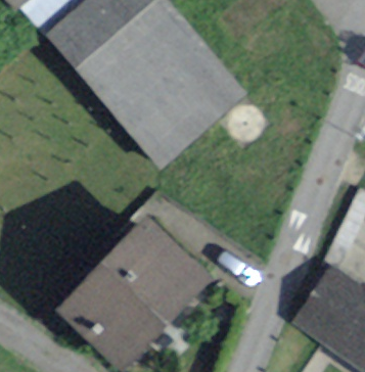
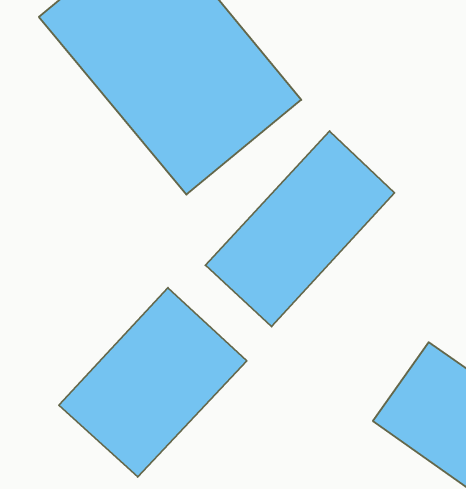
building: none -> [205,131,394,327]

